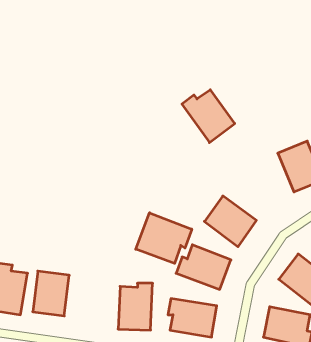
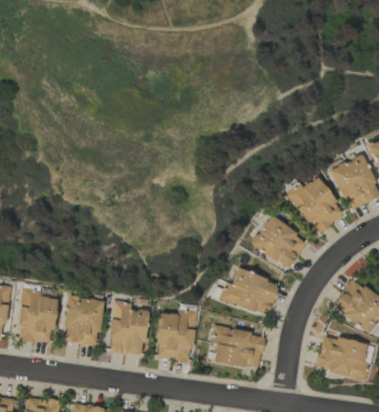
building: [182,90,235,143] -> [287,177,345,235]
building: [136,213,192,263] -> none
building: none -> [109,301,147,356]

